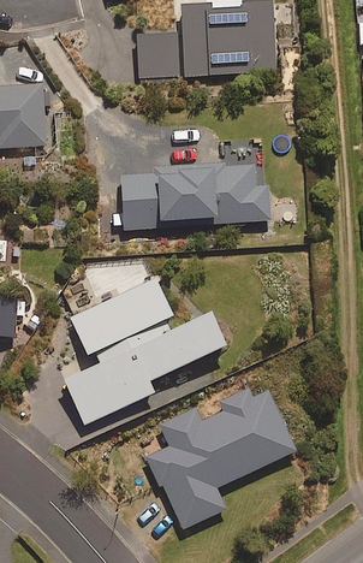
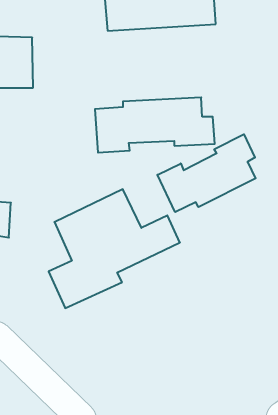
building: none -> [157,134,256,212]
building: [144,387,297,528] -> none

